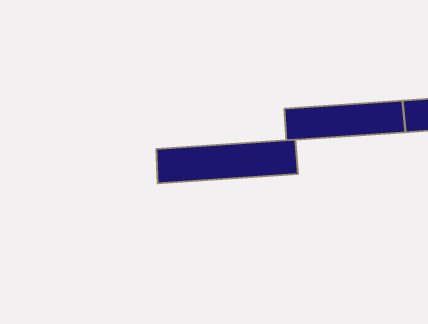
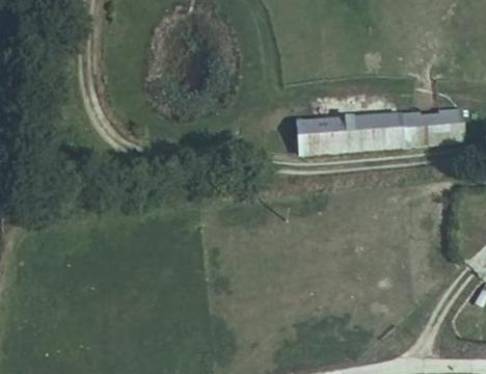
building: [157,140,298,184] -> none

